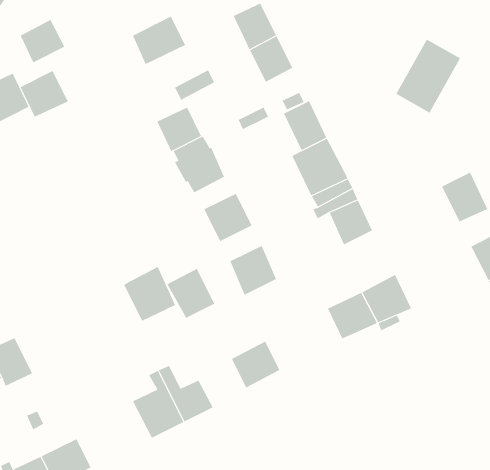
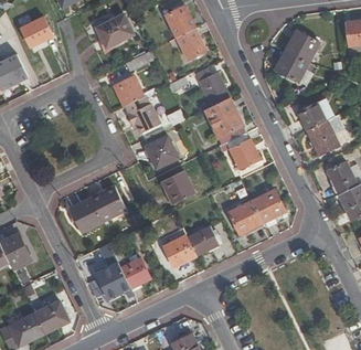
building: [20,70,69,117] -> none
building: none -> [297,98,333,130]
building: [166,268,215,318] -> [70,198,103,232]
building: none -> [188,226,220,255]

